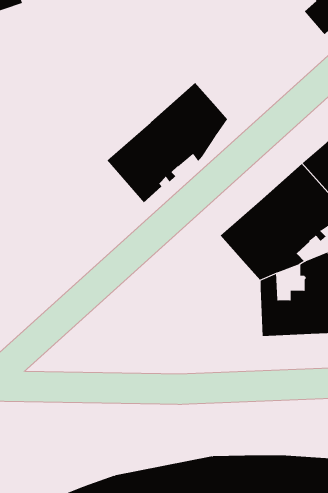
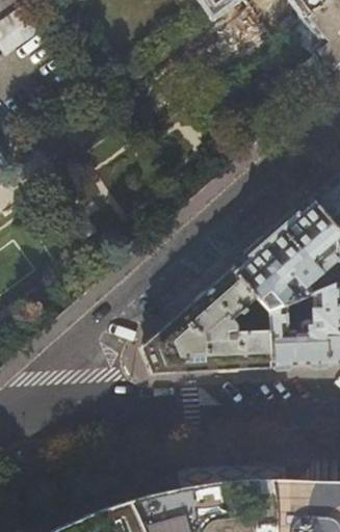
building: [107,82,228,203] -> none
building: none -> [143,269,273,372]

